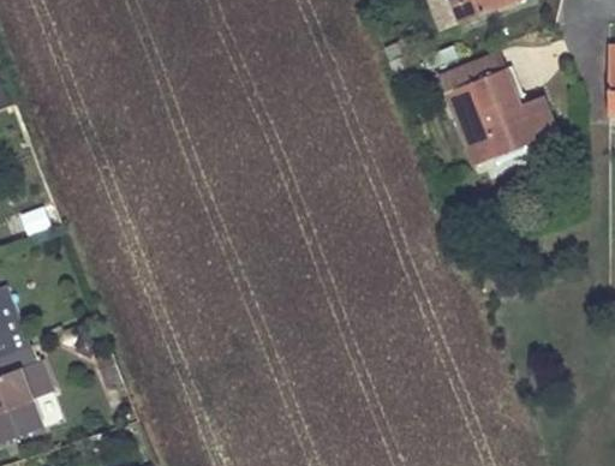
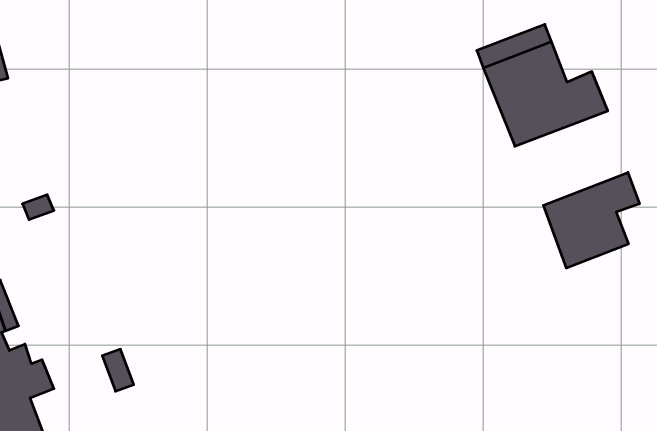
building: none -> [543,172,639,268]

